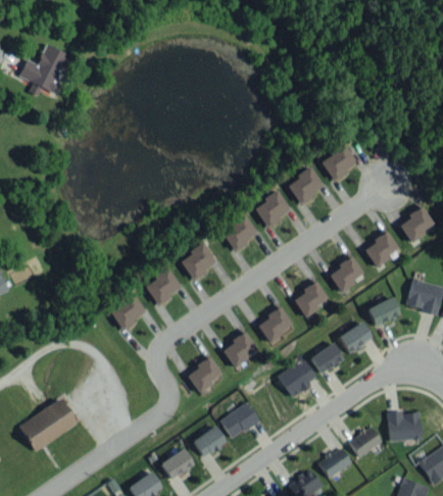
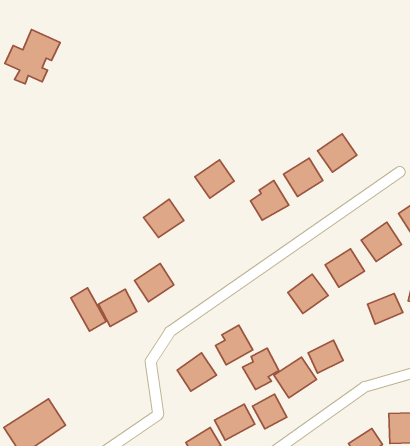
building: [220,215,258,252] -> [195,160,234,198]
building: [179,244,217,281] -> [143,199,184,238]
building: none -> [71,288,106,331]
building: [256,304,291,344] -> [243,348,279,390]
building: [339,323,374,354] -> none
building: none -> [253,394,287,429]

